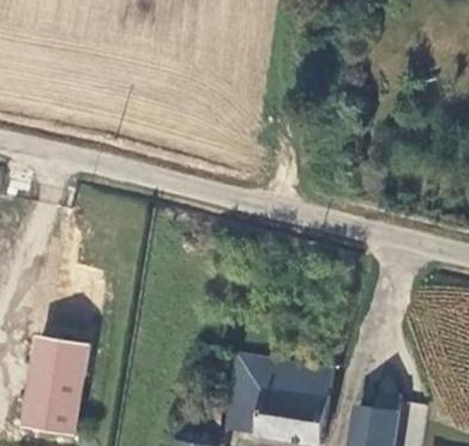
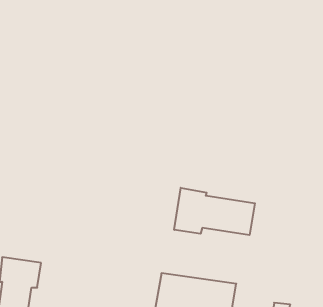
building: none -> [174,188,255,235]

